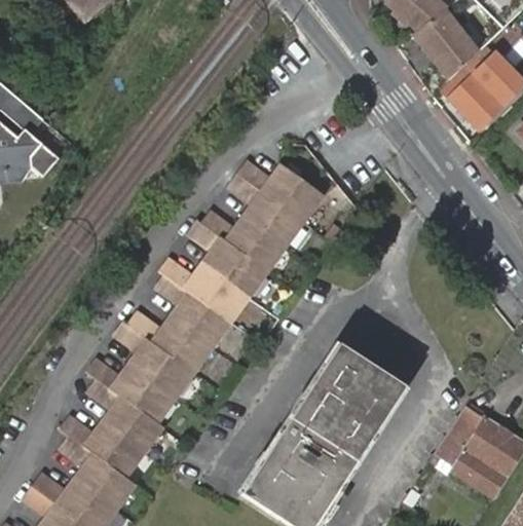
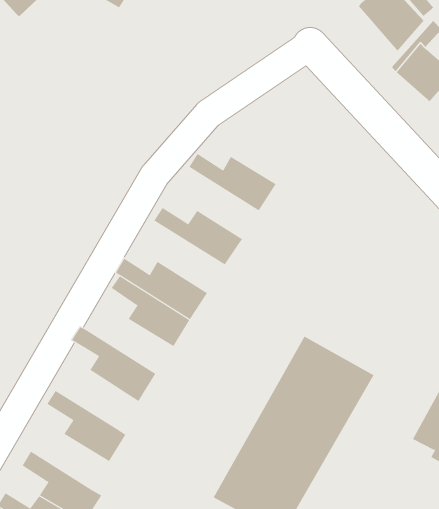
building: [230,176,304,249] -> none
building: [189,222,268,298] -> none
building: [130,312,214,372] -> none
building: [87,360,177,424] -> none
building: [61,417,145,479] -> none

